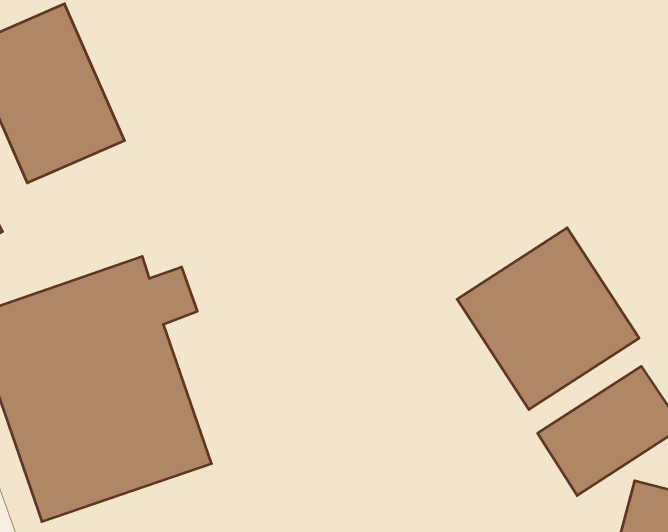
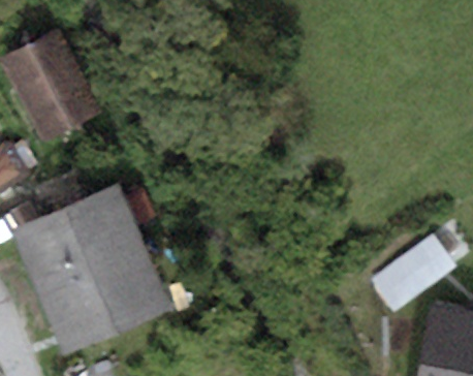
building: [457,228,639,410] -> none

